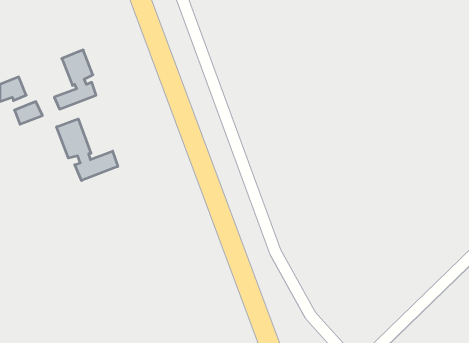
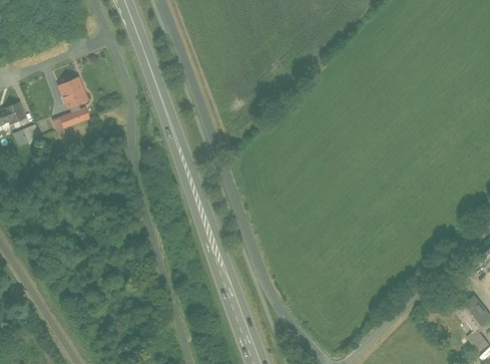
building: [57,119,118,181] -> none

